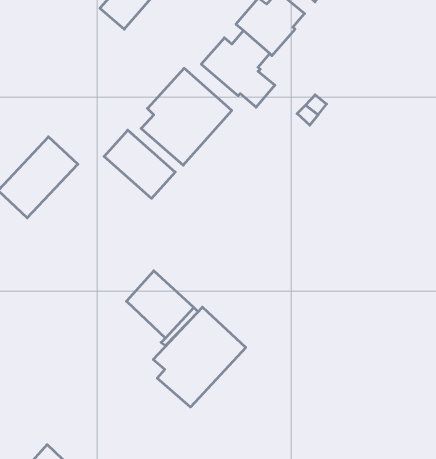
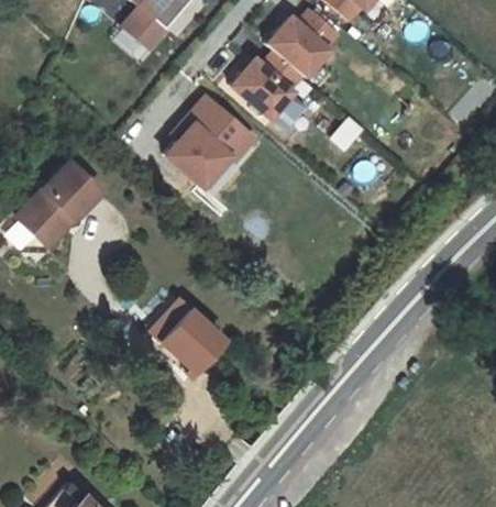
building: [104,130,175,198] -> none
building: [153,307,246,407] -> none

